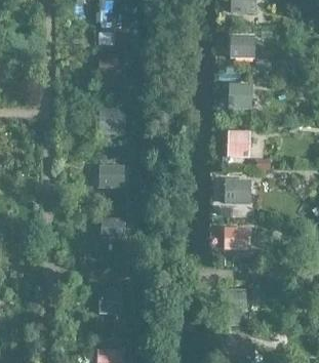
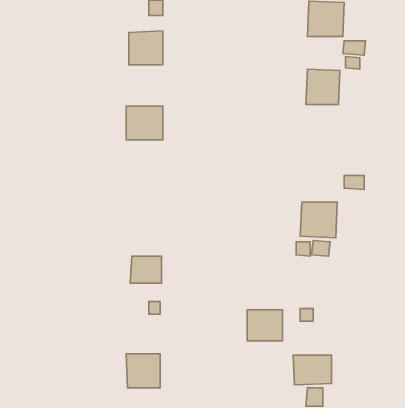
building: [228,130,249,156] -> none
building: [98,164,124,188] -> none
building: [223,227,248,249] -> [247,310,282,341]

